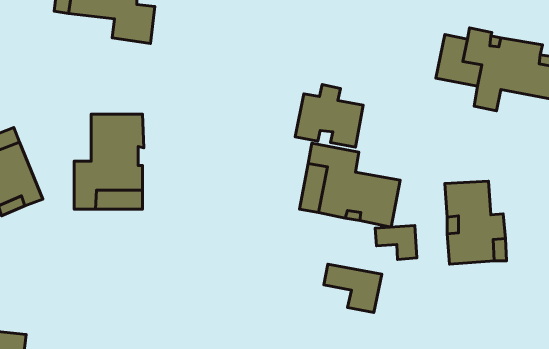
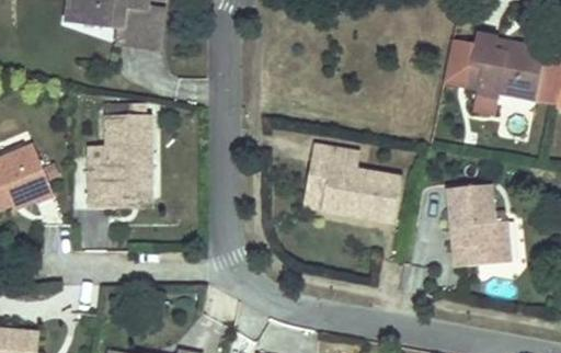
building: [295,85,363,147] -> none
building: [375,225,417,259] -> none
building: [324,264,382,312] -> none

